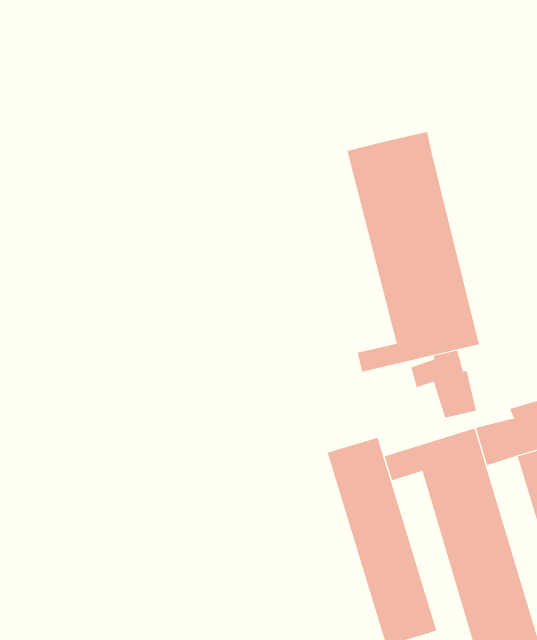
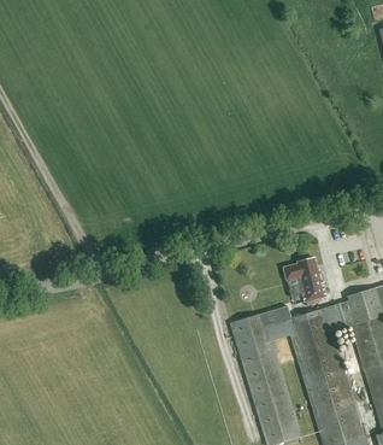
building: [347,131,480,372] -> none

